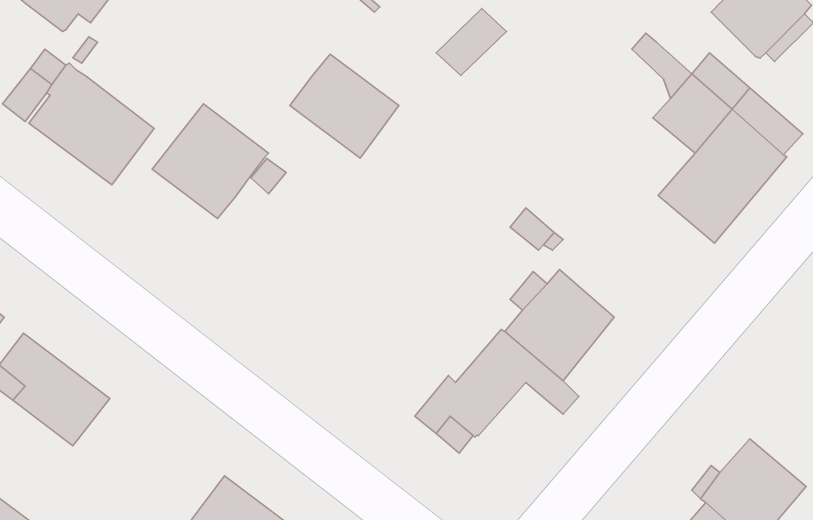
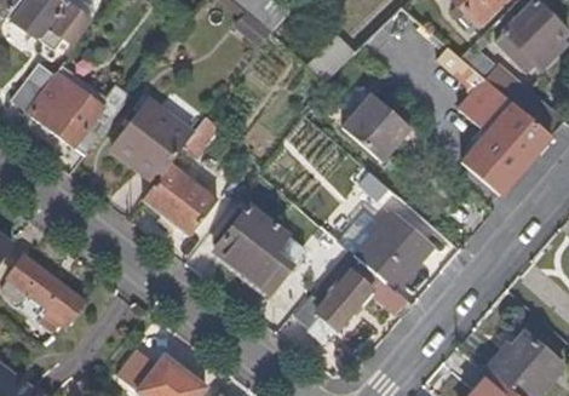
building: [290,54,399,158] -> [143,163,218,235]
building: none -> [341,90,410,159]
building: none -> [215,203,305,291]

